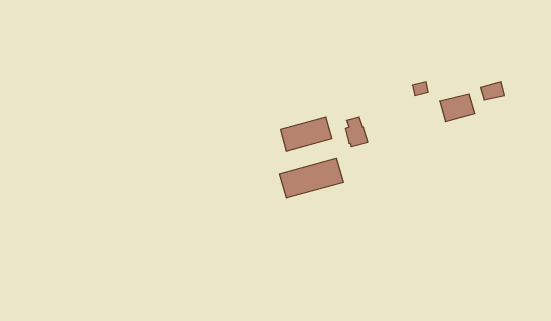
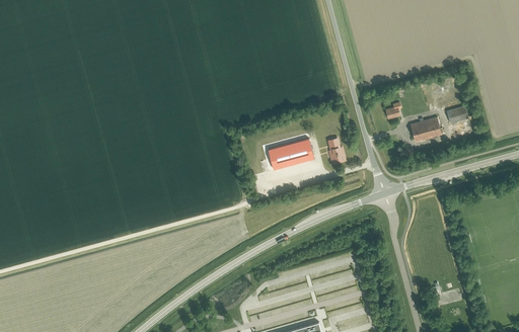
building: [280,158,343,198] -> none

